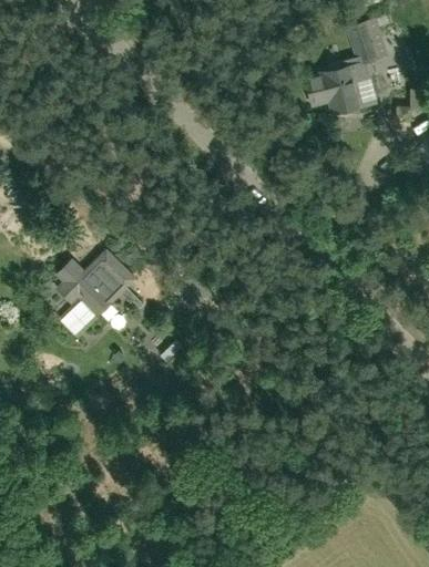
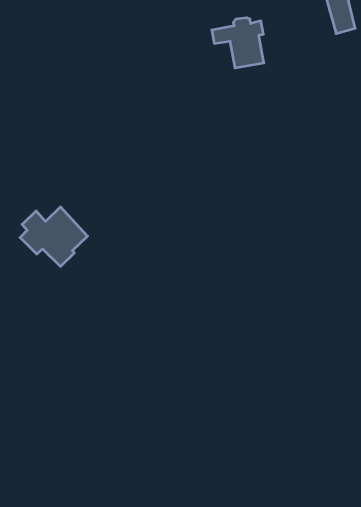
building: [309,62,364,113] -> [212,18,264,68]

